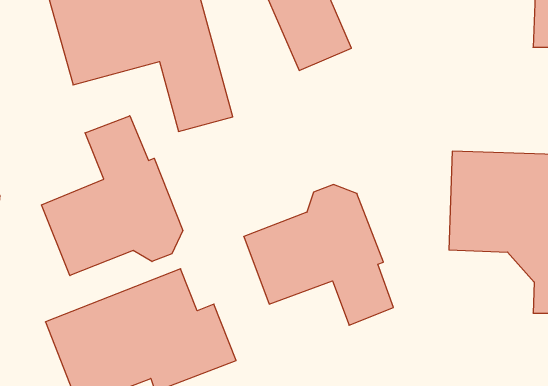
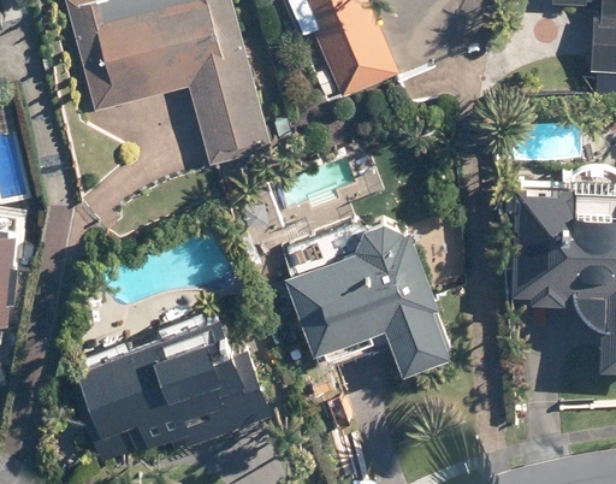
building: [41,116,183,276] -> none

